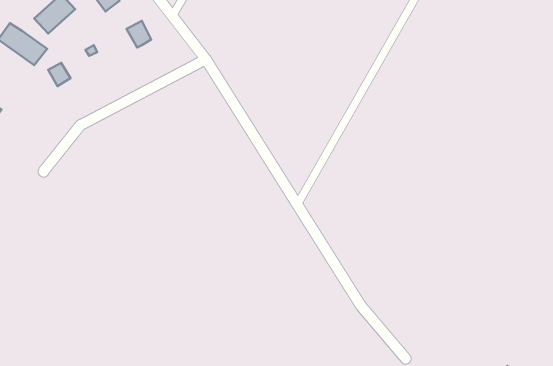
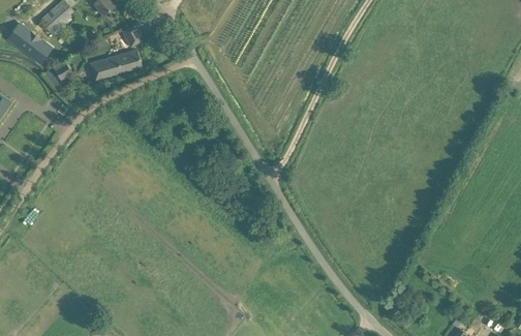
building: none -> [89,51,142,82]

